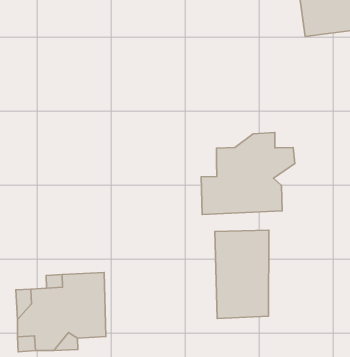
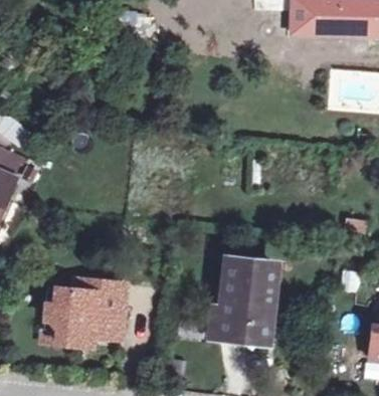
building: [201,133,295,214] -> none

